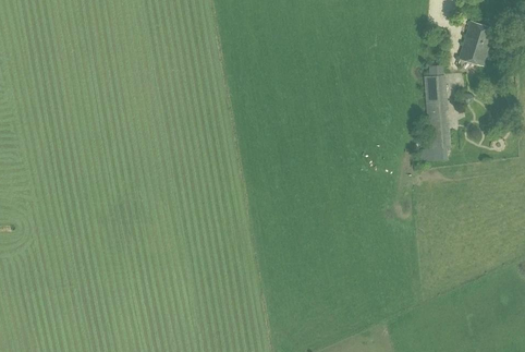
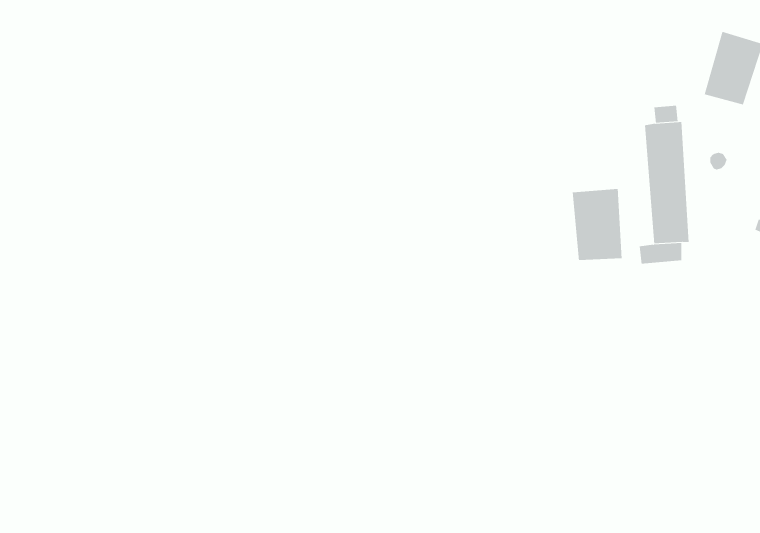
building: none -> [572,188,622,261]

